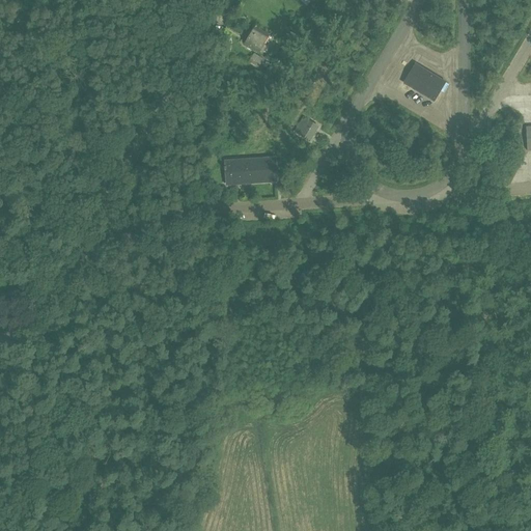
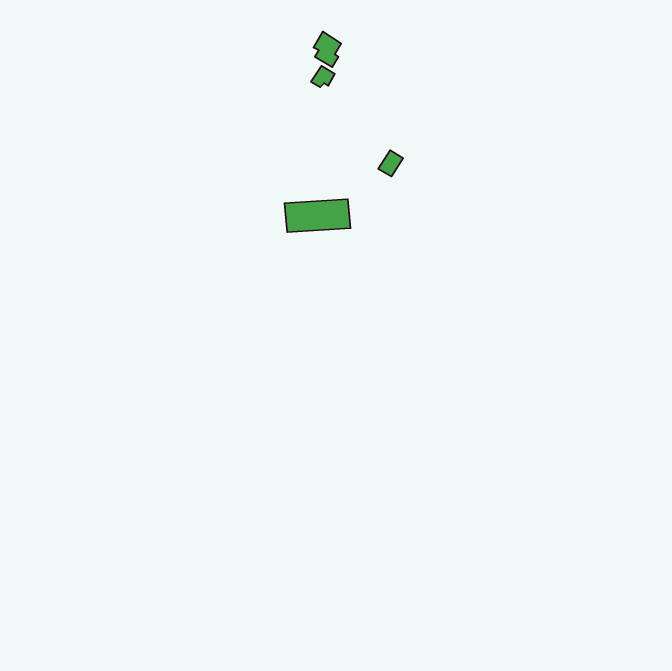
building: [403,63,444,100] -> none

